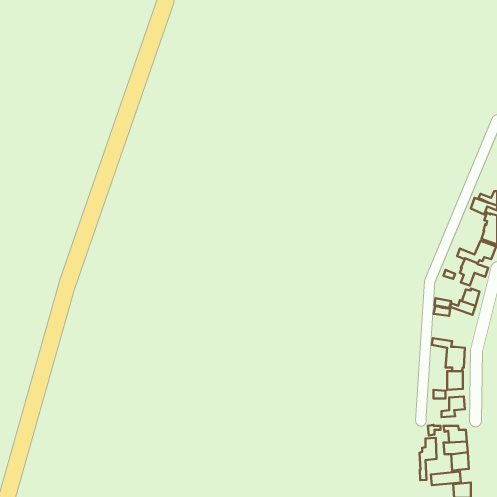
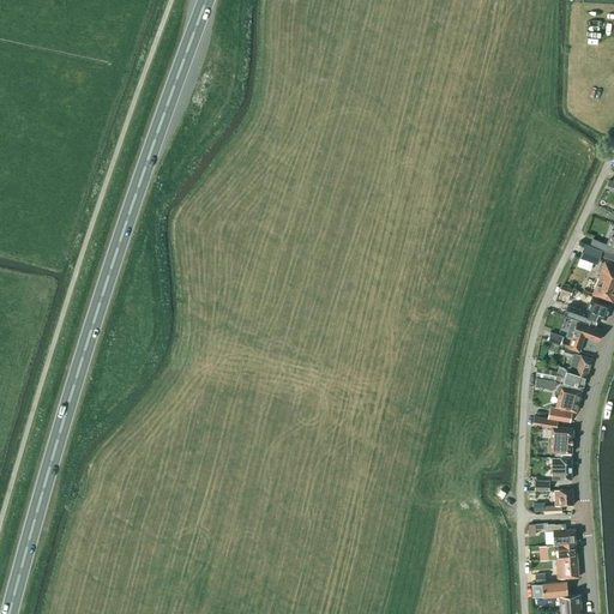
building: none -> [552,385,580,423]
building: [420,438,437,480] -> none

